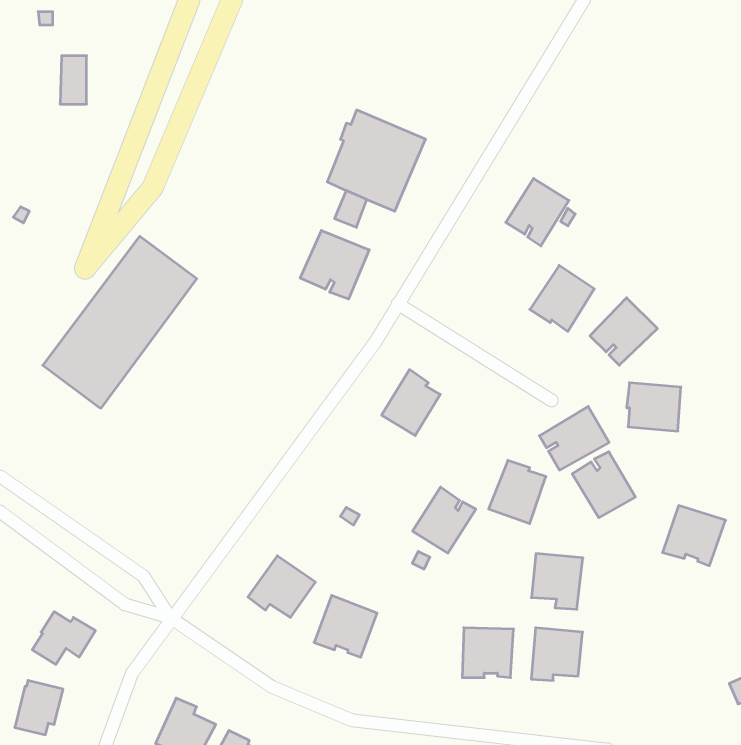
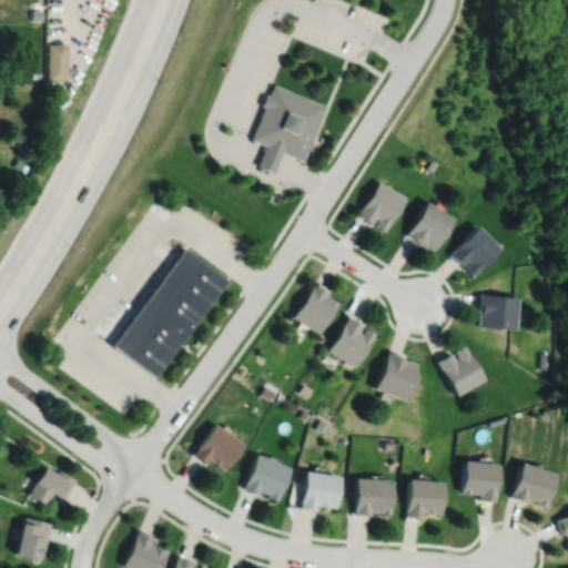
building: [506,178,569,246] -> [359,184,407,235]
building: [300,230,369,299] -> none
building: [43,236,197,408] -> [113,247,230,377]
building: [539,406,609,470] -> none
building: [413,487,476,553] -> [329,316,377,366]
building: [662,506,726,566] -> [513,463,560,508]
building: [531,554,583,609] -> [464,460,503,503]
building: none -> [302,470,343,511]

